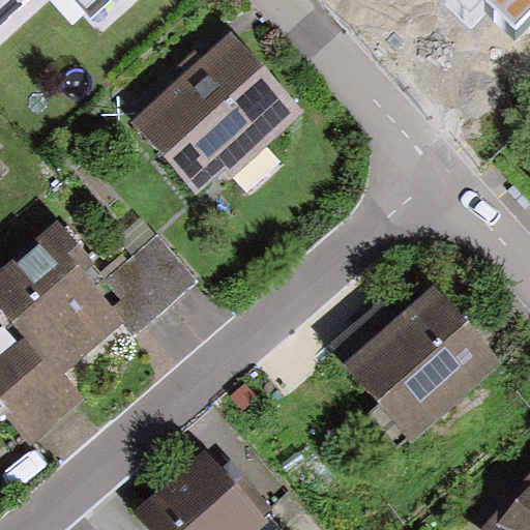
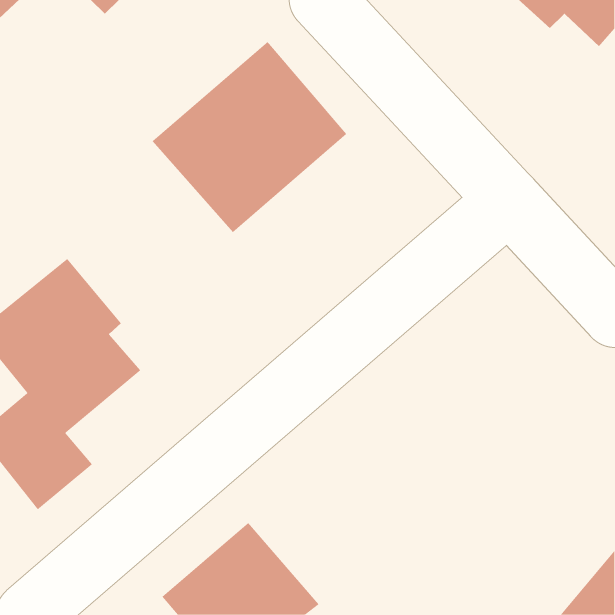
building: [94,236,193,332] -> none
building: [341,283,502,443] -> none

